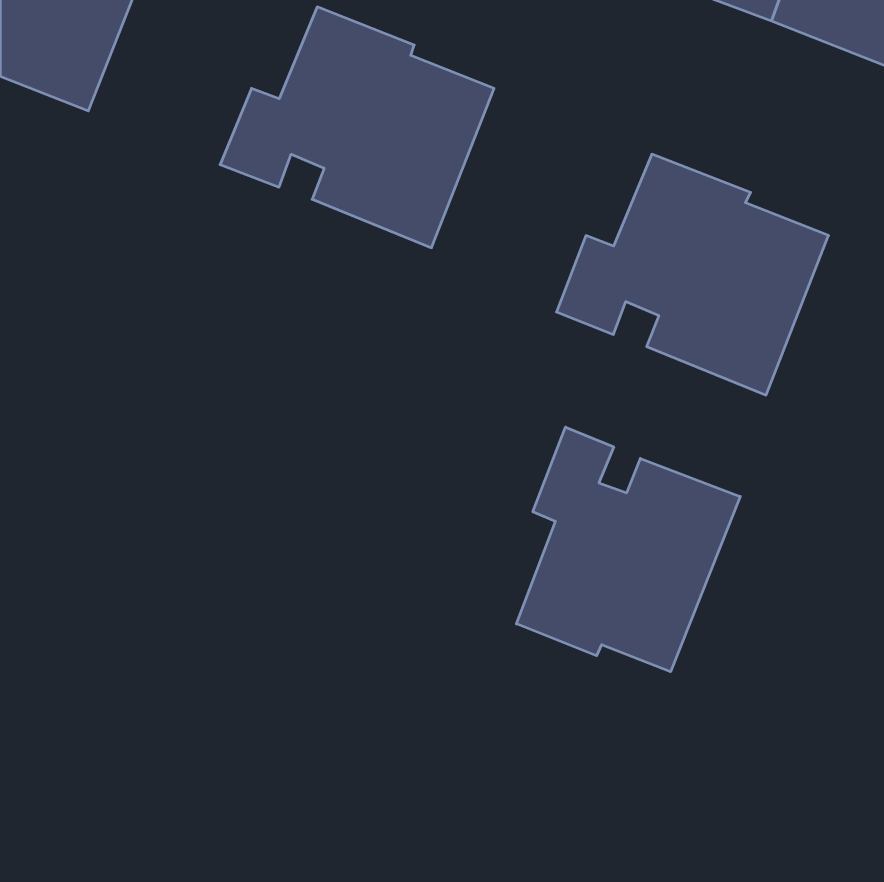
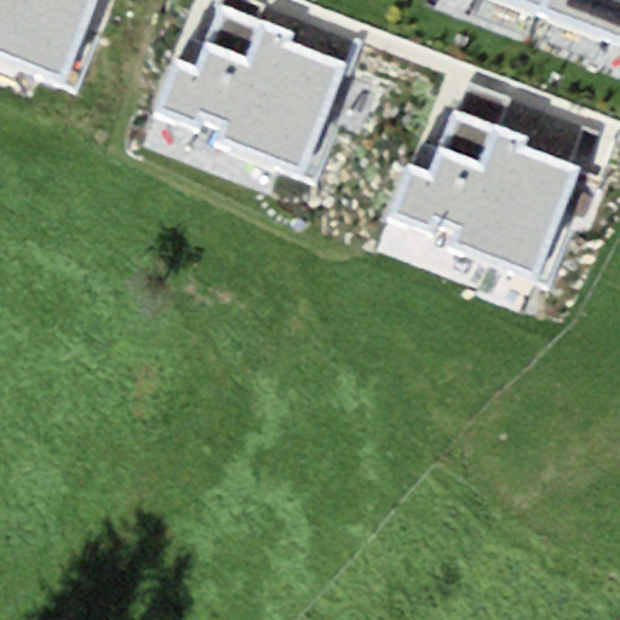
building: [516,427,740,672] -> none

